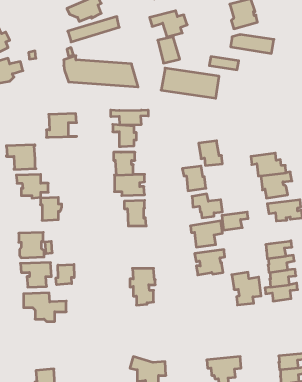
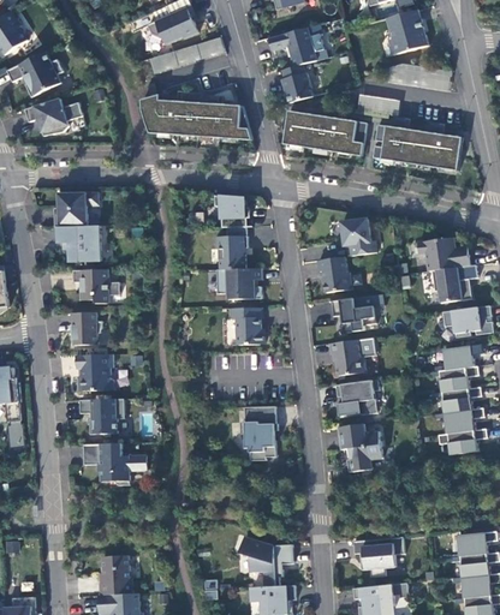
building: none -> [371,125,462,172]
building: [111,110,148,125] -> none
building: [46,114,77,137] -> [54,191,99,226]
building: [40,197,62,220] -> [70,311,101,345]
building: [222,212,248,230] -> [444,344,482,370]
building: [56,264,74,285] -> none
building: [232,272,261,305] -> [339,423,382,471]

